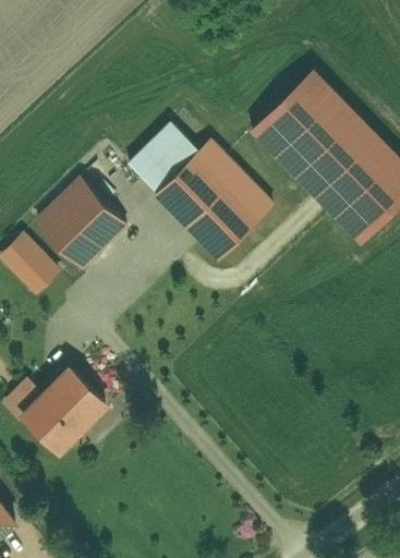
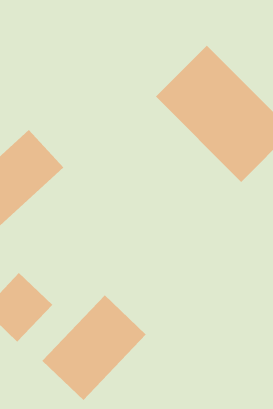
building: [123,114,268,260] -> none
building: none -> [42,295,147,401]

